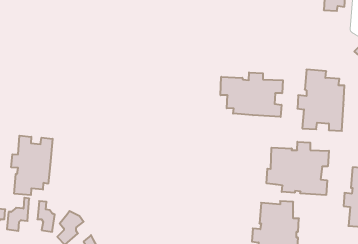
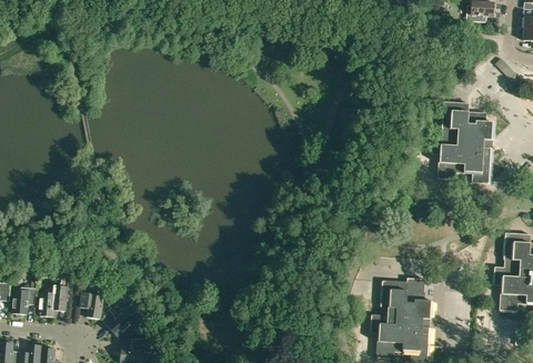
building: [221,72,283,117] -> none
building: [11,136,53,195] -> none
building: [267,142,329,195] -> none

